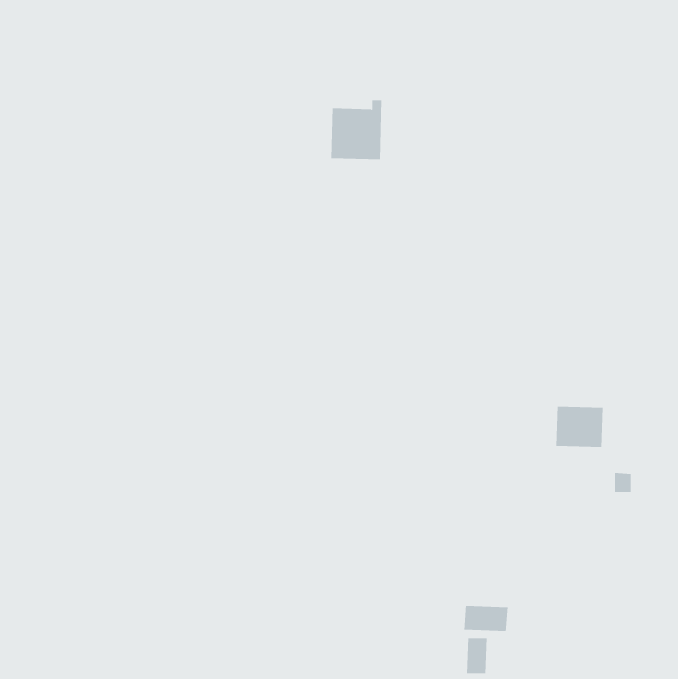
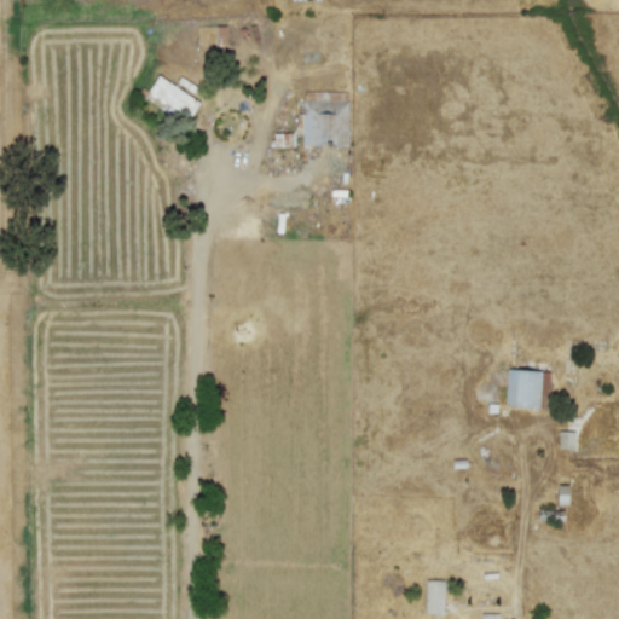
building: none -> [149,76,201,117]
building: [464,605,508,632] -> none

